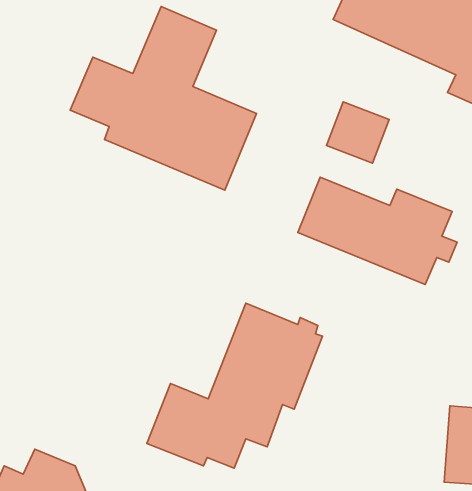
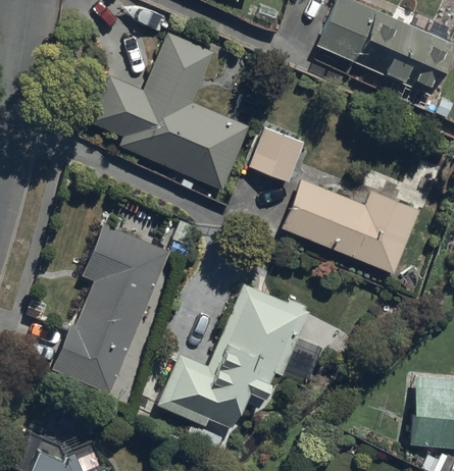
building: [327,102,389,163] -> [249,128,303,181]
building: none -> [52,225,169,394]

